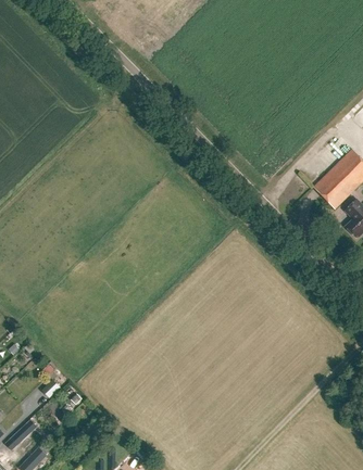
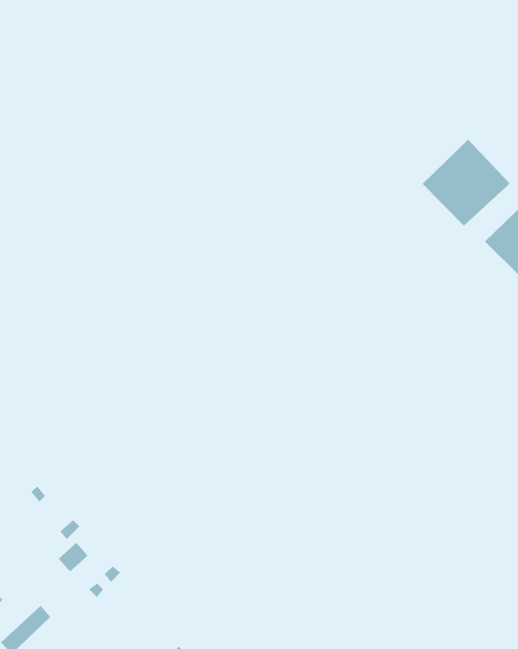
building: none -> [422,139,511,227]

